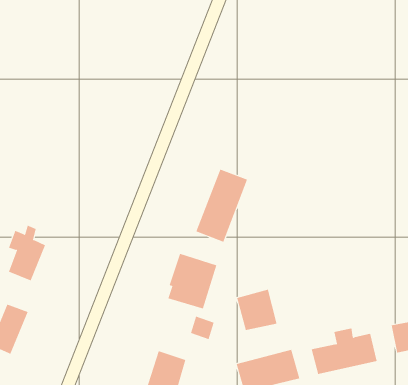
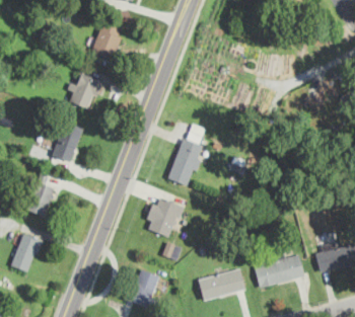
building: none -> [93,20,124,59]
building: none -> [67,73,102,109]
building: none -> [51,121,83,161]
building: [236,289,277,331] -> none

